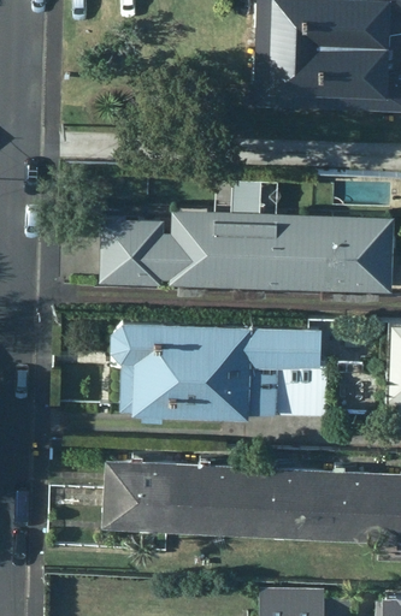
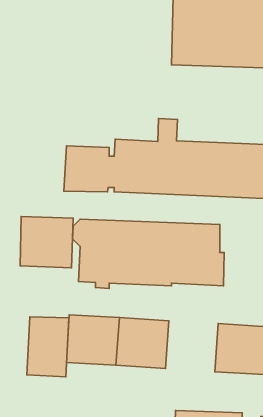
building: none -> [20,216,73,268]
building: none -> [27,317,69,377]
building: [241,467,316,539] -> none

